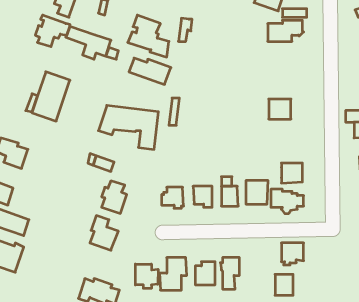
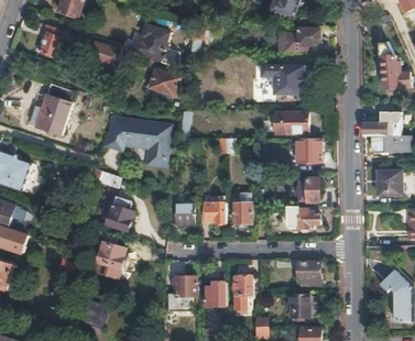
building: none -> [260,67,306,96]
building: none -> [295,139,321,164]
building: [246,180,268,204] -> none
building: [135,264,158,288] -> none

